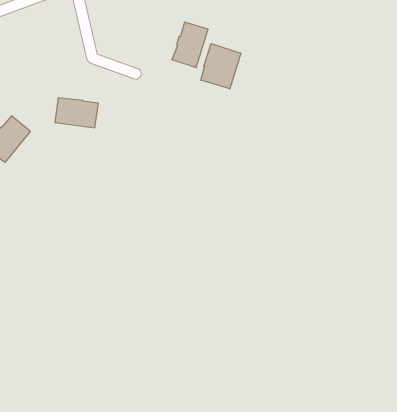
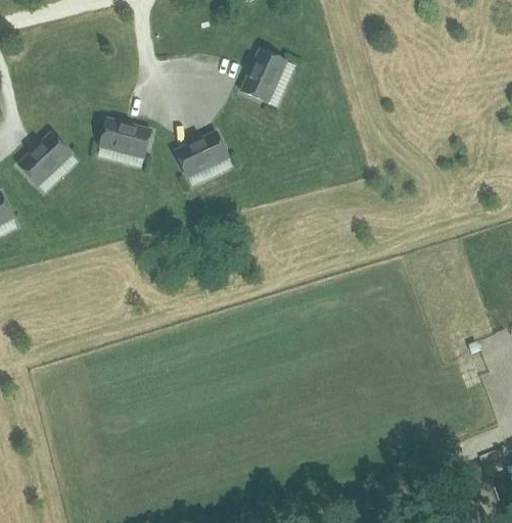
building: [201,44,241,89] -> none
building: none -> [175,131,229,177]

